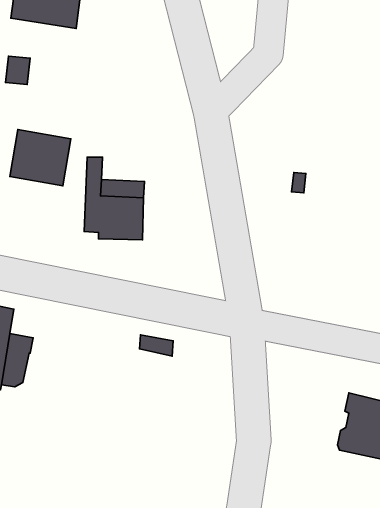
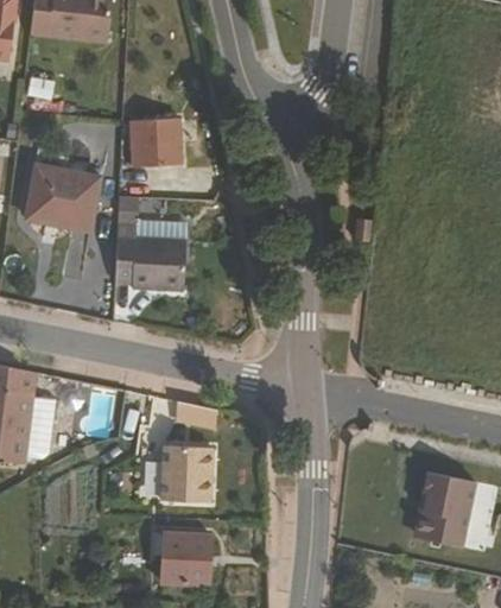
building: none -> [133,115,183,165]
building: none -> [163,442,216,501]
building: none -> [165,531,213,583]

